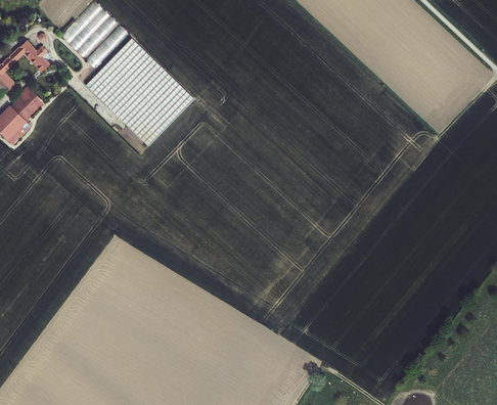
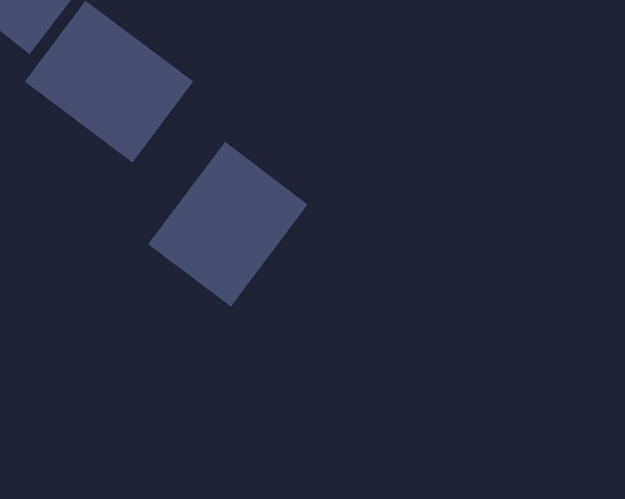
building: none -> [147,141,309,308]

